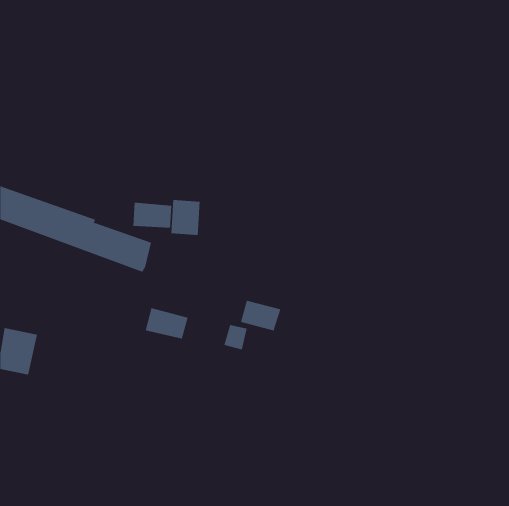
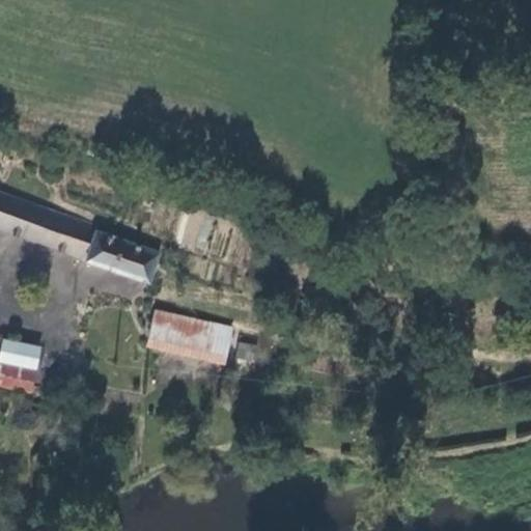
building: [133,202,172,229] -> none
building: [240,300,281,331] -> [190,330,232,362]

